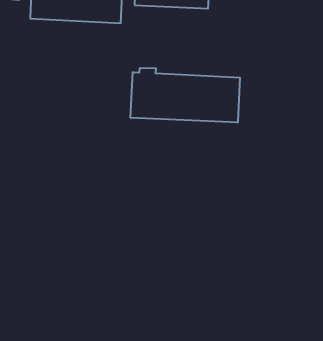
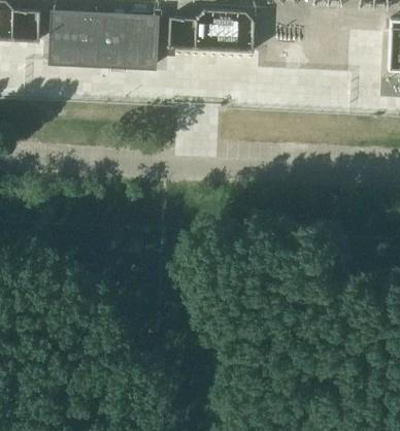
building: [131,68,240,123] -> none

